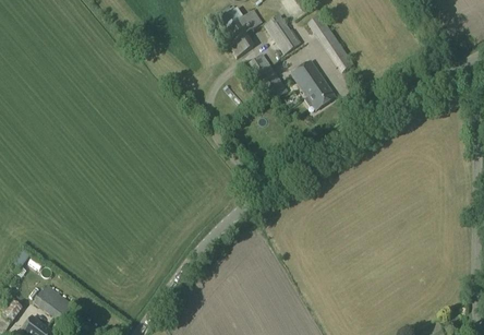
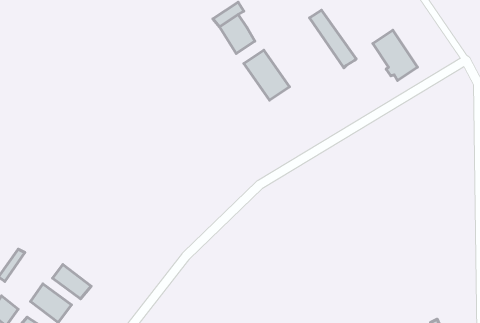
building: [265,13,301,53] -> none
building: [292,60,336,109] -> [373,30,417,80]
building: none -> [53,265,91,299]

